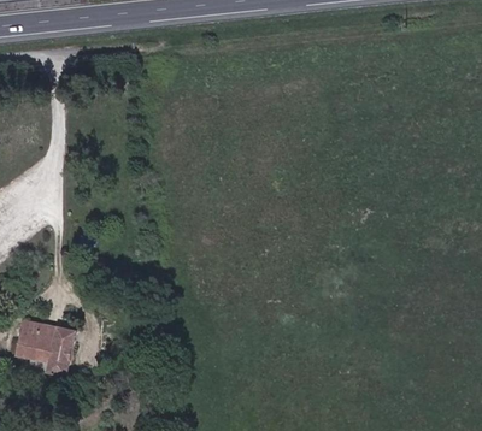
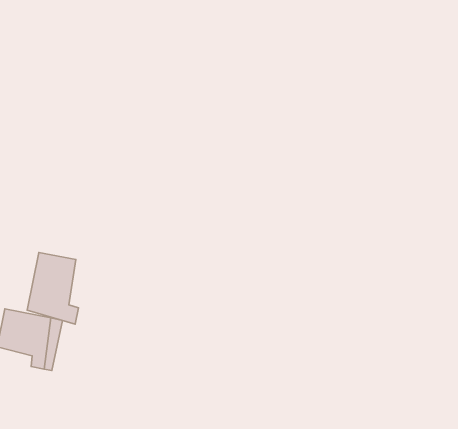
building: none -> [27,252,78,324]

